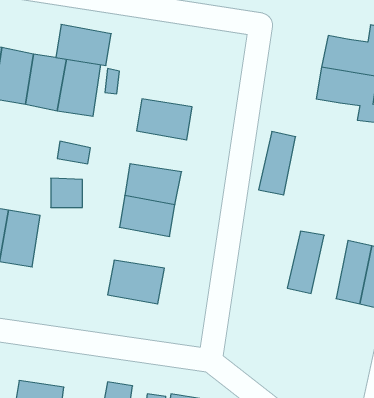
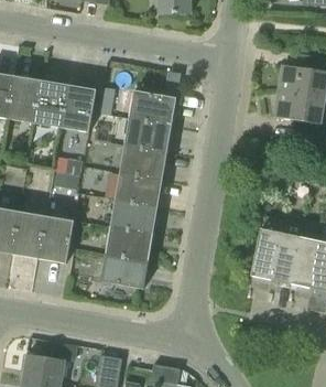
building: [56,24,111,65] -> [129,90,175,125]
building: none -> [119,144,166,179]
building: [259,132,296,195] -> [270,232,301,284]
building: none -> [37,215,73,264]
building: none -> [106,225,152,259]

